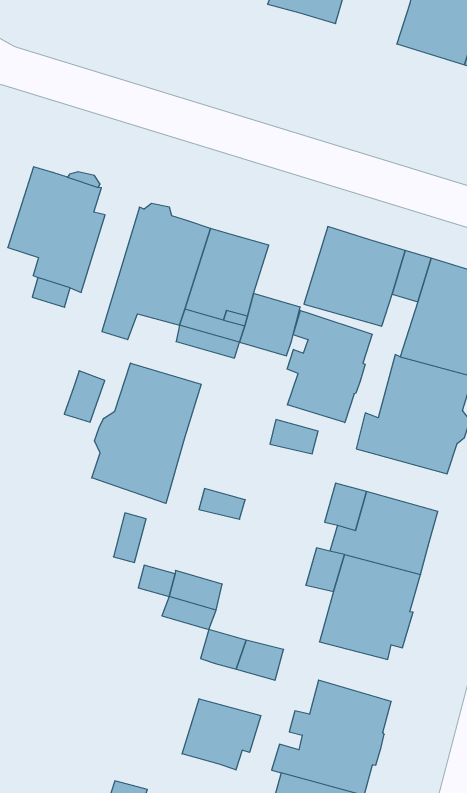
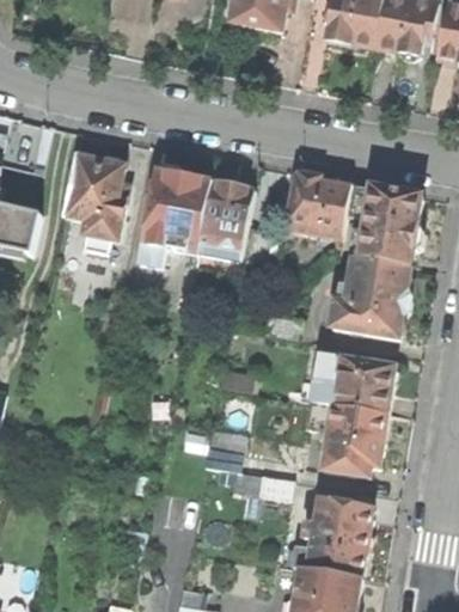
building: [287,310,372,423] -> none
building: [92,363,201,503] -> none
building: [182,699,261,770] -> none

